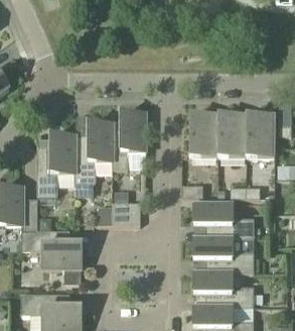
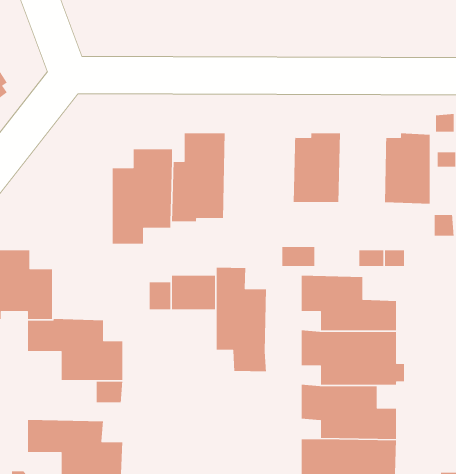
building: [217,112,247,156] -> none
building: [36,134,75,194] -> none
building: none -> [216,267,267,372]

